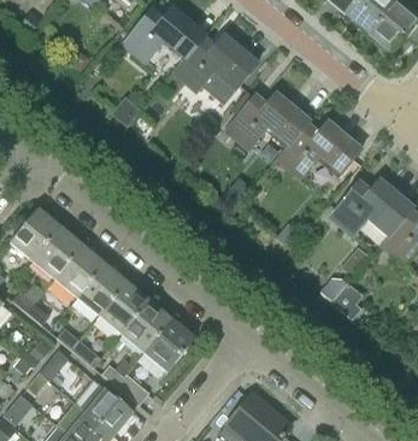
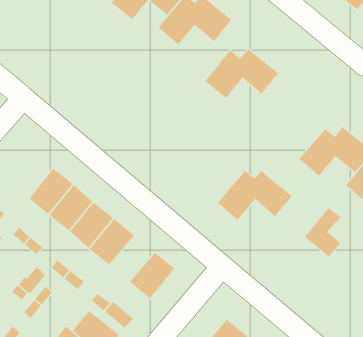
building: [278,123,361,178] -> [217,170,293,220]
building: [10,207,59,260] -> none
building: [122,301,171,352] -> none

